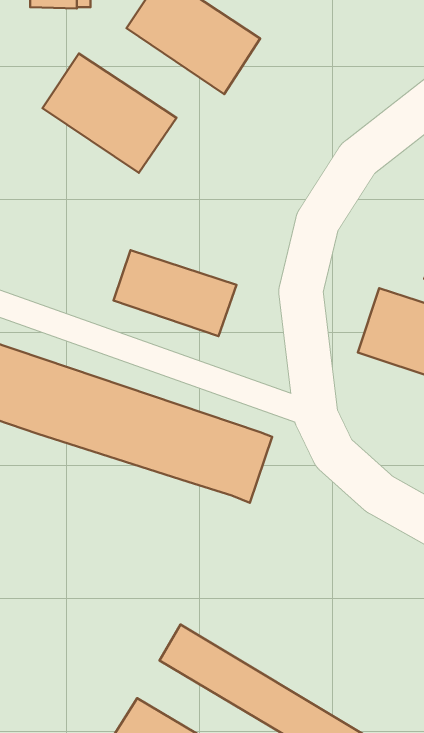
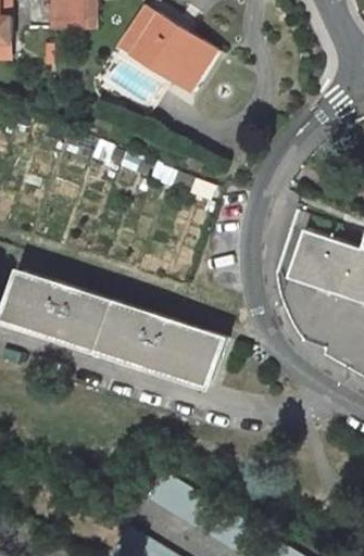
building: [43,54,177,173] -> none
building: [114,250,236,336] -> none

